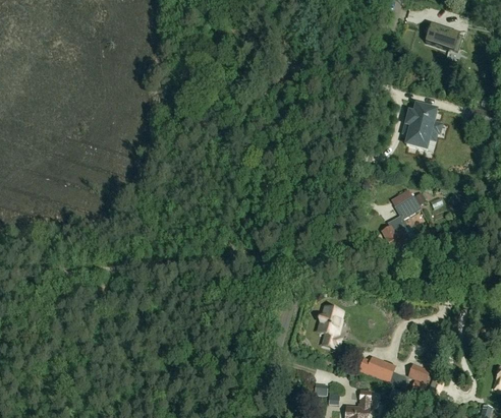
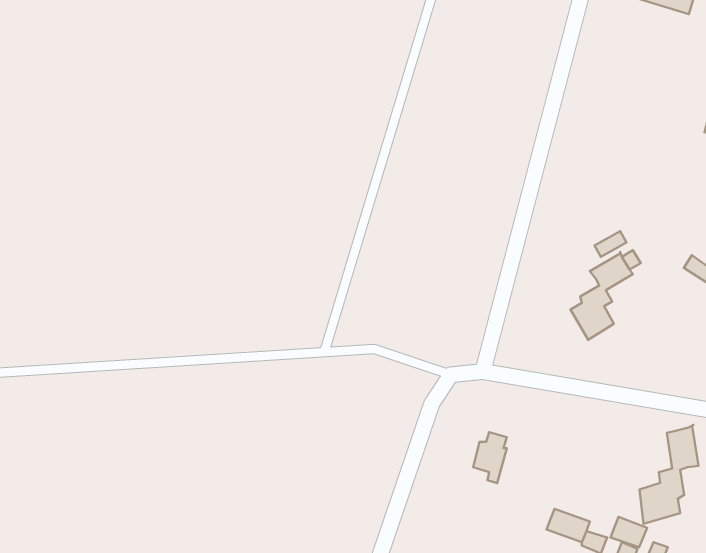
building: [402,106,441,151] -> none
building: none -> [639,425,698,524]

